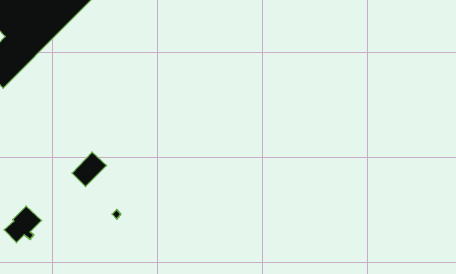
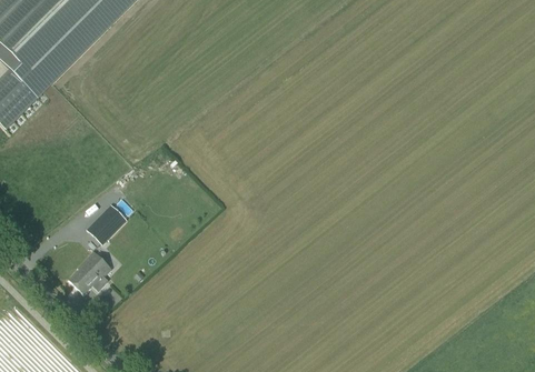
building: [4,206,42,242] -> [68,251,111,293]

